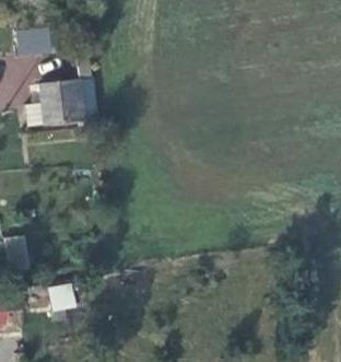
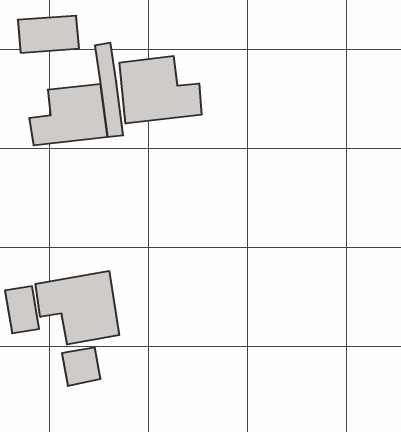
building: none -> [120,56,201,124]
building: none -> [36,271,119,345]

